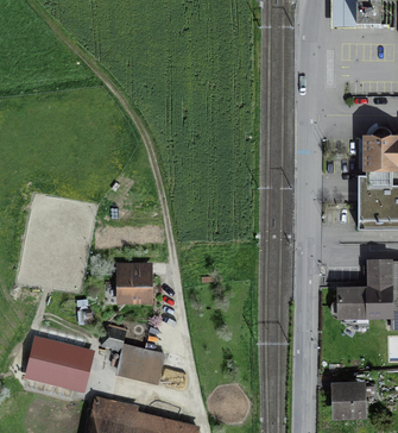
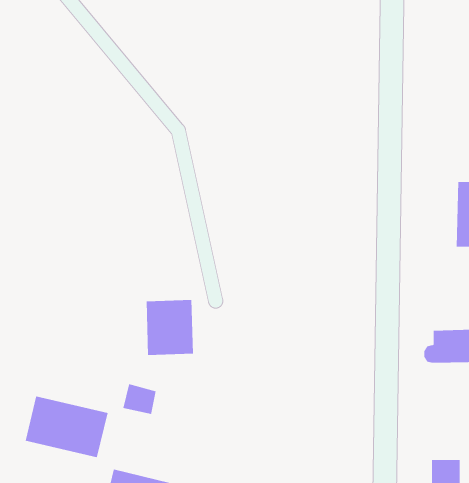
building: [119,346,169,387] -> none

